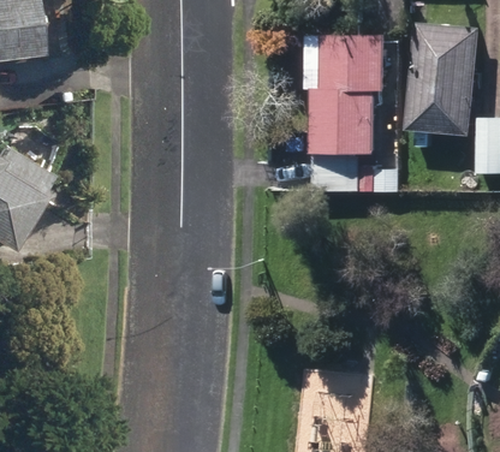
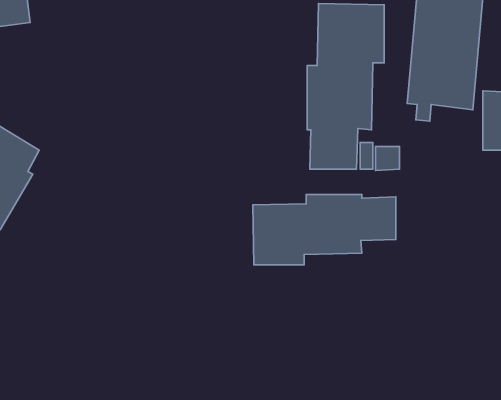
building: none -> [253,195,396,265]

